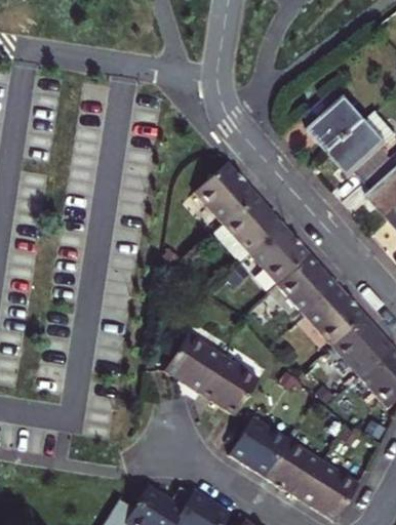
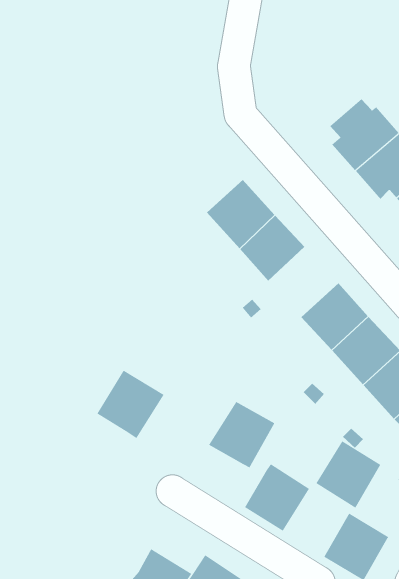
building: [250,224,313,286] -> none
building: [161,338,222,400] -> [97,370,165,439]
building: [264,439,322,499] -> [315,441,381,509]

